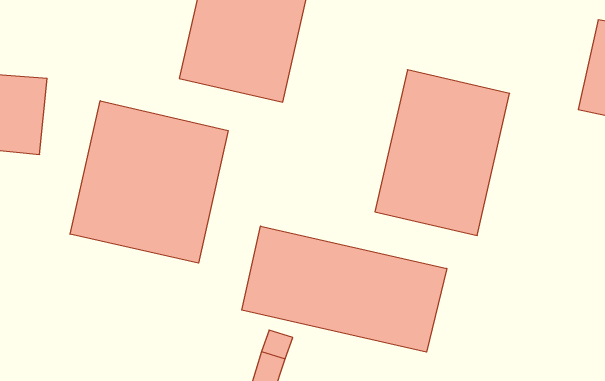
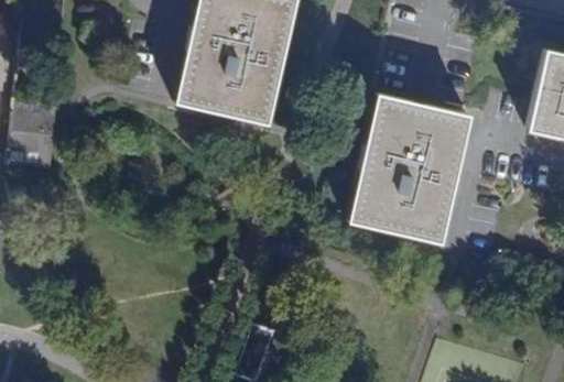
building: [70,101,228,263] -> none
building: [242,226,447,352] -> none

